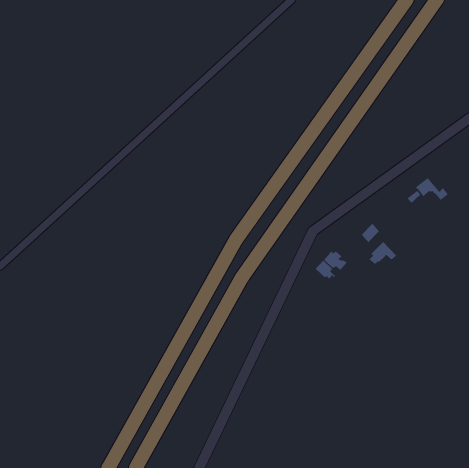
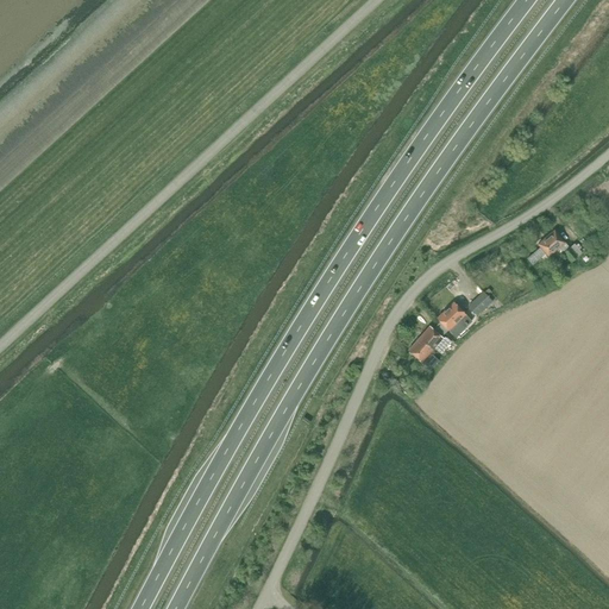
building: [369,241,397,265] -> [435,301,472,332]

